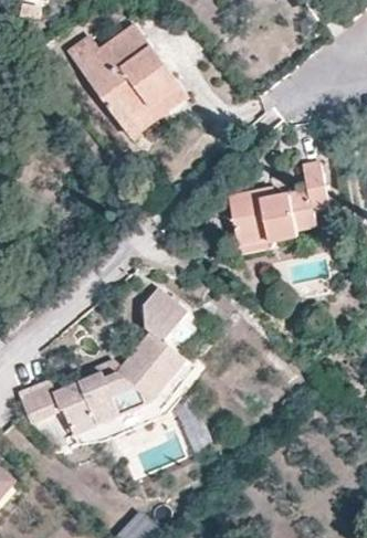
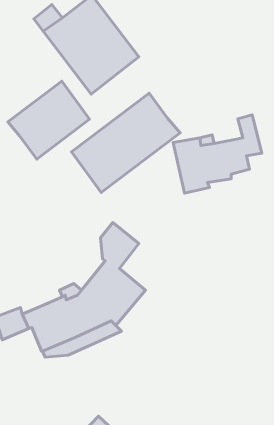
building: none -> [8,81,89,159]
building: none -> [72,93,180,193]

